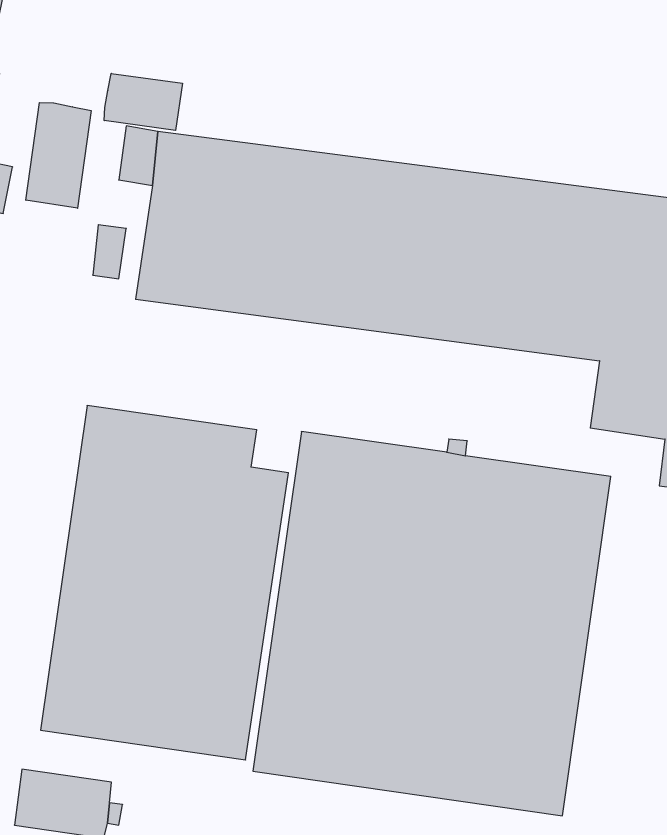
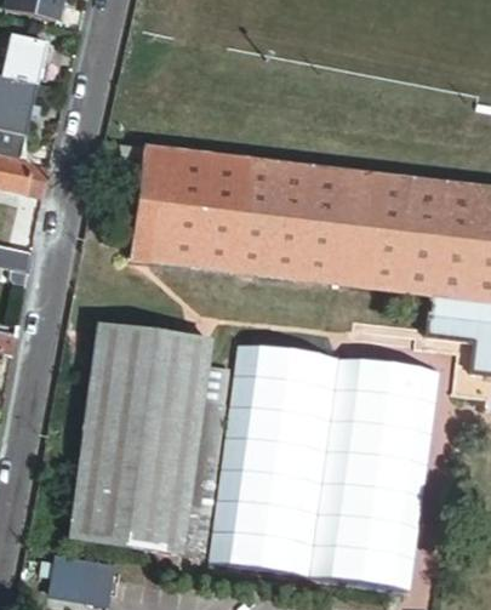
building: [104,73,182,130] -> none
building: [26,103,91,208] -> none

